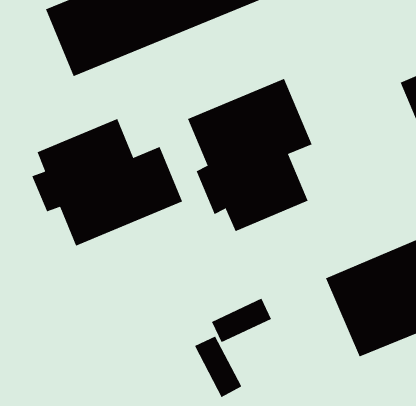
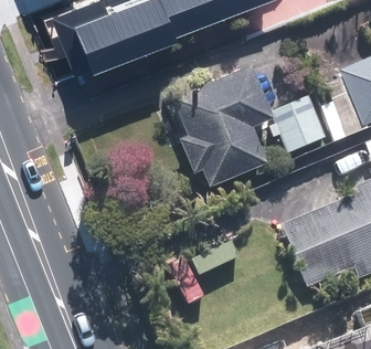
building: none -> [273,97,327,154]
building: [31,118,183,247] -> none

